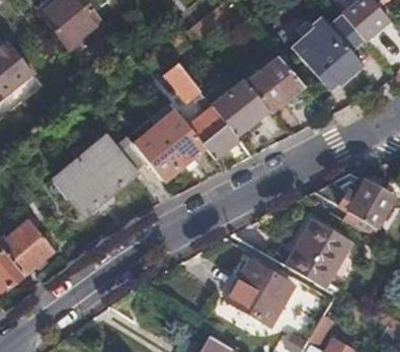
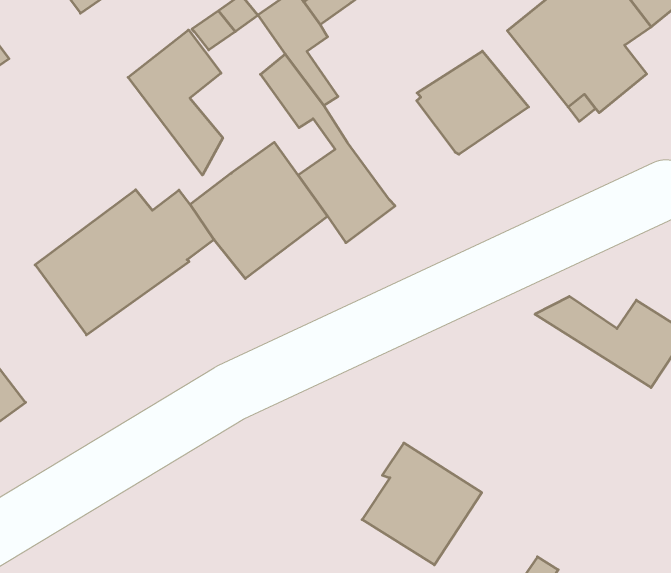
building: none -> [128,30,223,175]
building: [211,81,266,137] -> none
building: [281,218,350,291] -> none

